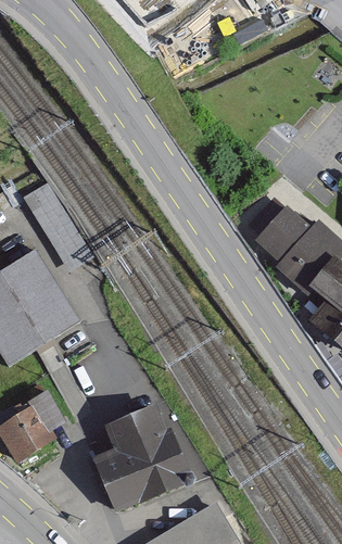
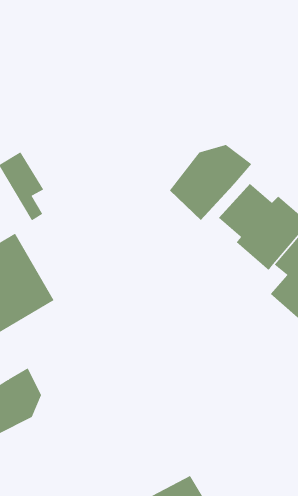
building: none -> [169,144,252,221]
building: [88,403,200,516] -> none

